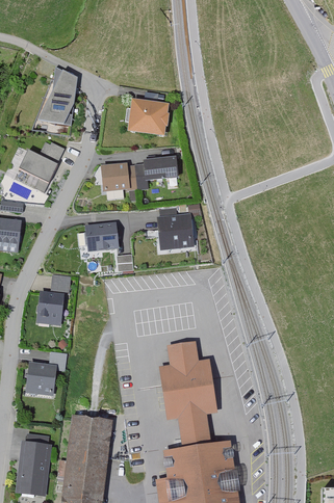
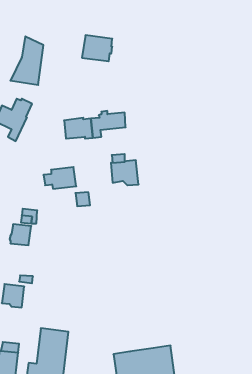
building: [129,103,165,134] -> [82,35,112,61]
building: [158,340,216,446] -> none

